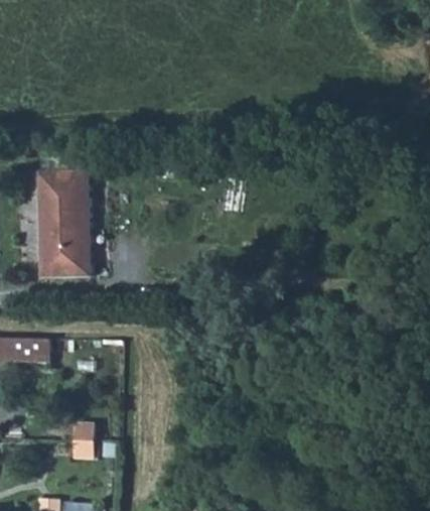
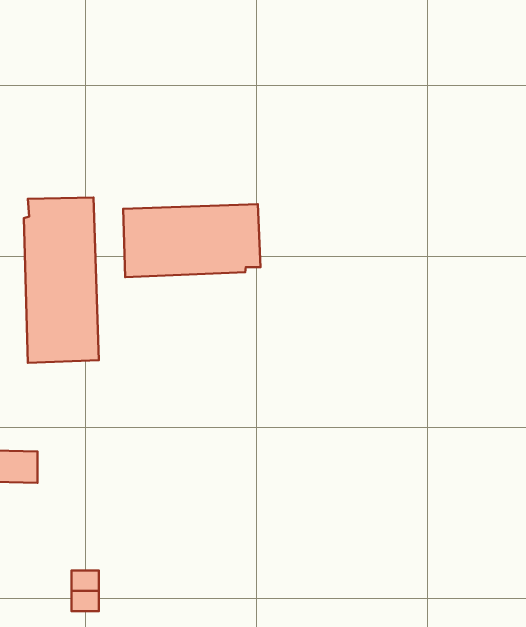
building: none -> [123,204,261,277]

